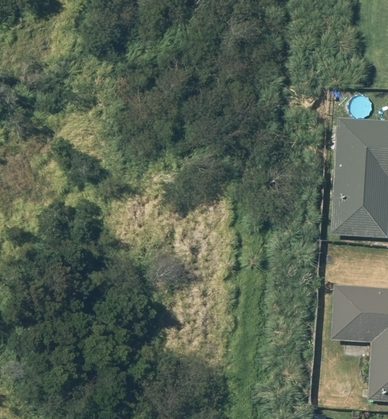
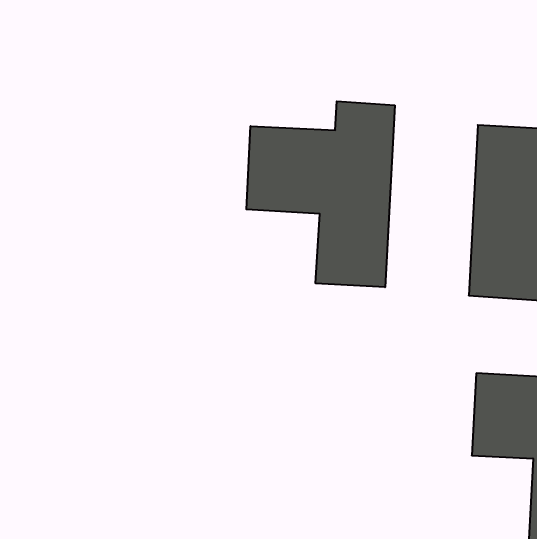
building: none -> [246,101,395,287]

